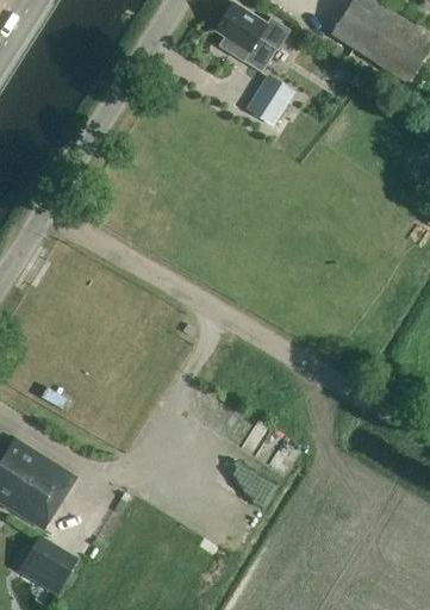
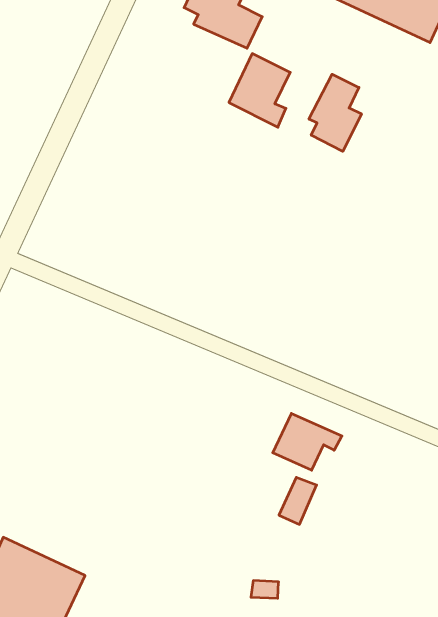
building: none -> [309,74,361,151]
building: none -> [273,413,342,470]

